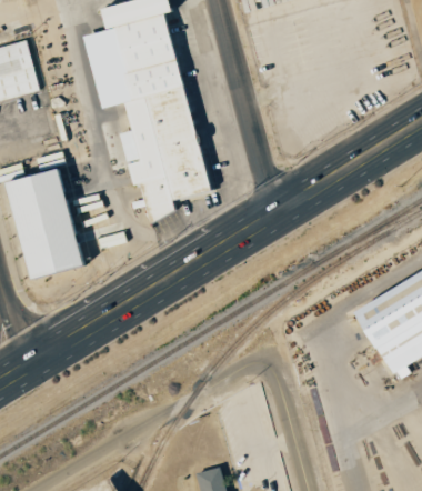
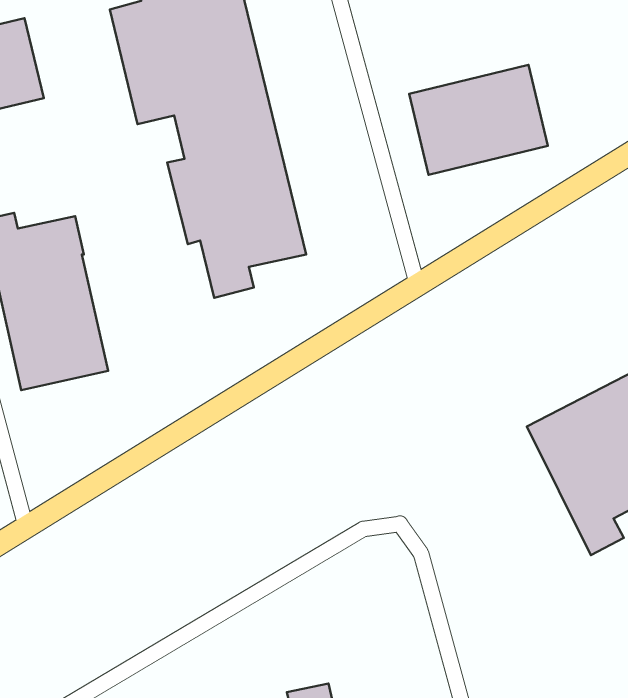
building: none -> [409,65,548,175]

